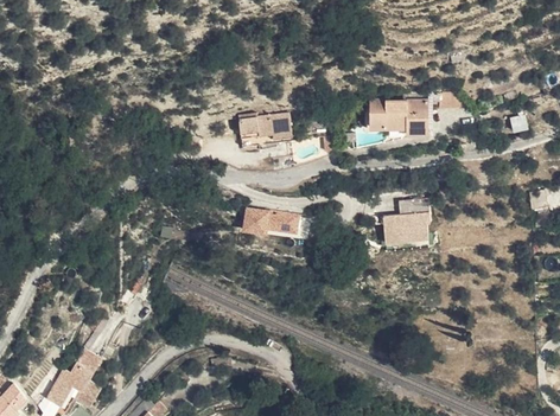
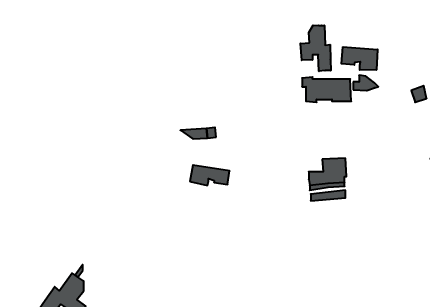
building: none -> [300,25,331,71]
building: none -> [341,47,378,70]
building: [241,116,295,149] -> none

